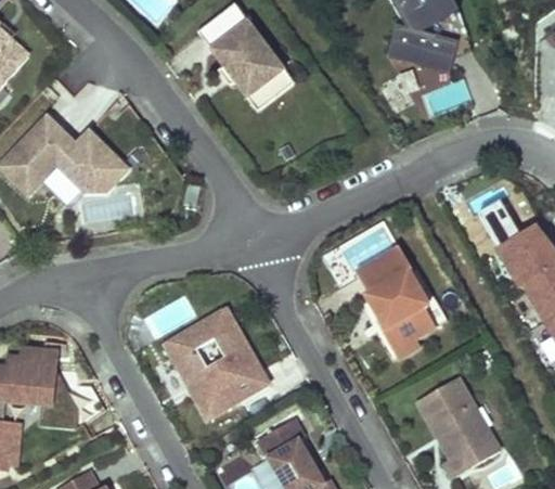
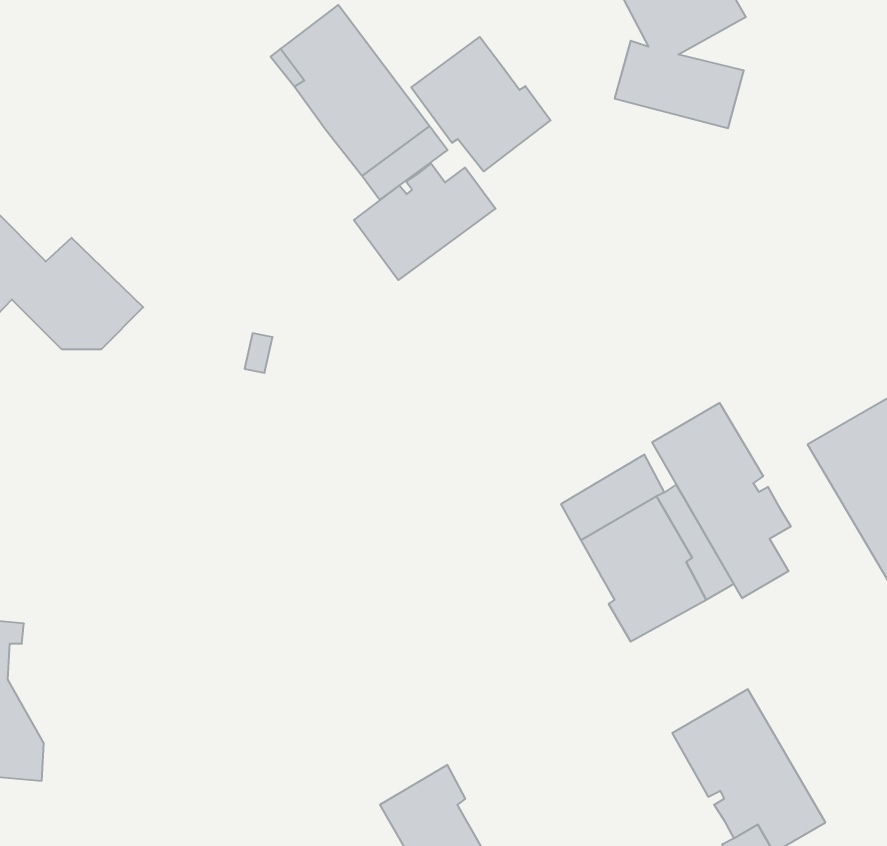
building: none -> [411,37,551,171]
building: none -> [354,164,496,280]
building: none -> [652,403,791,598]
building: [165,308,269,419] -> none

